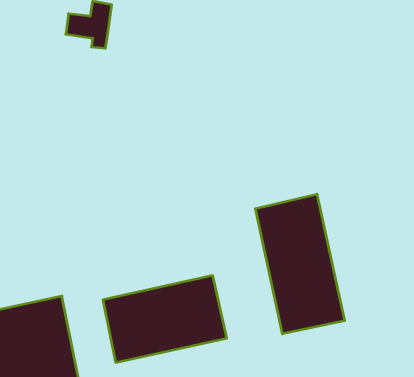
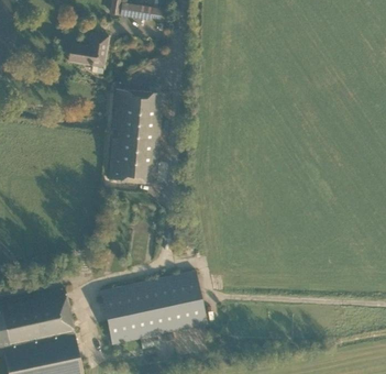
building: none -> [107,89,161,183]
building: [255,194,345,334] -> none

